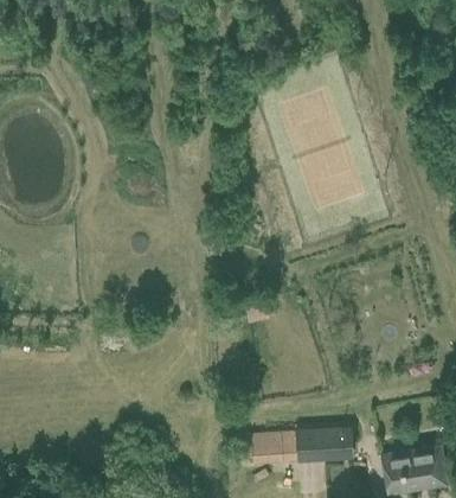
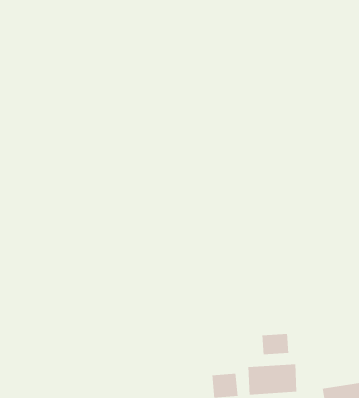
building: none -> [262,333,289,355]

